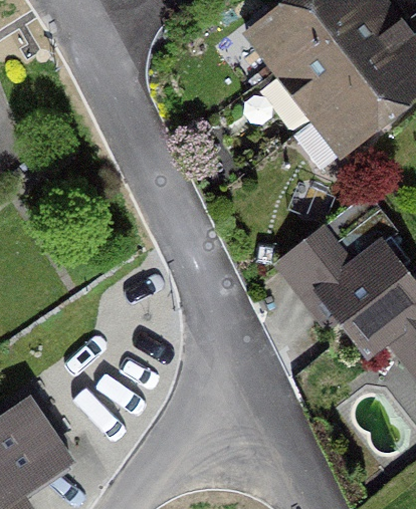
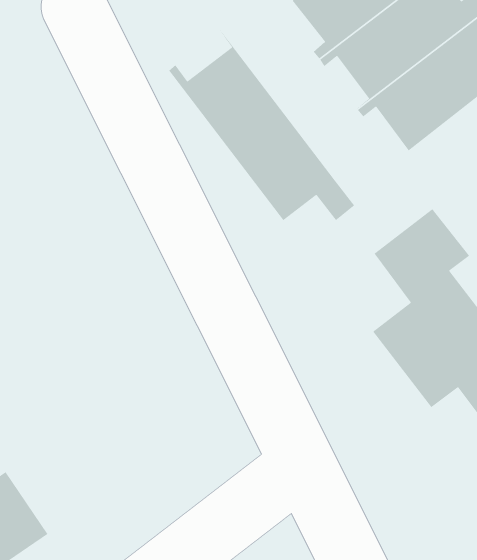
building: none -> [168,30,355,221]

